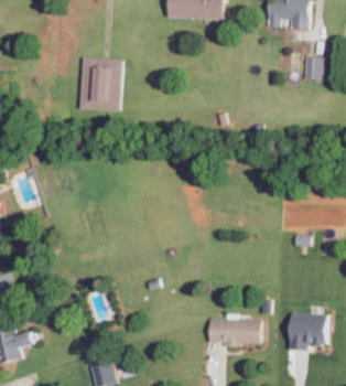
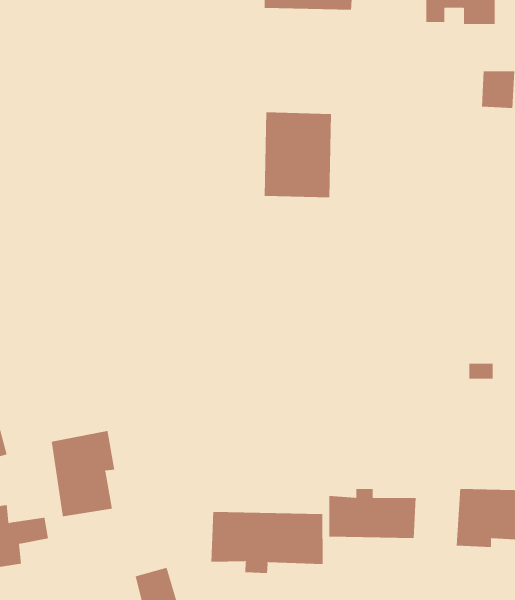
building: [79,57,121,110] -> [264,112,332,198]
building: none -> [51,430,115,517]
building: none -> [211,511,323,574]

